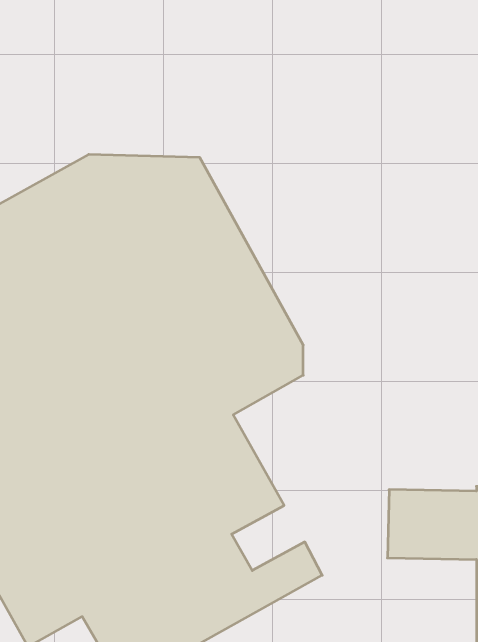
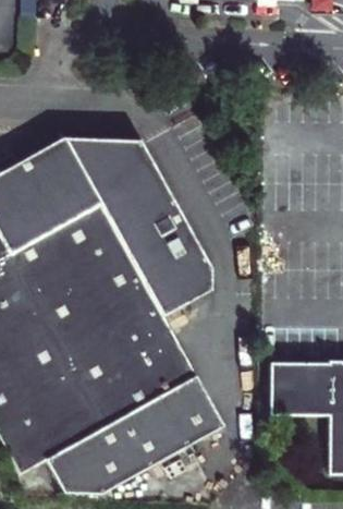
building: none -> [162,377,212,422]

